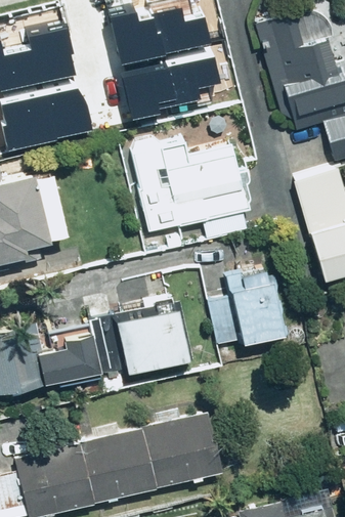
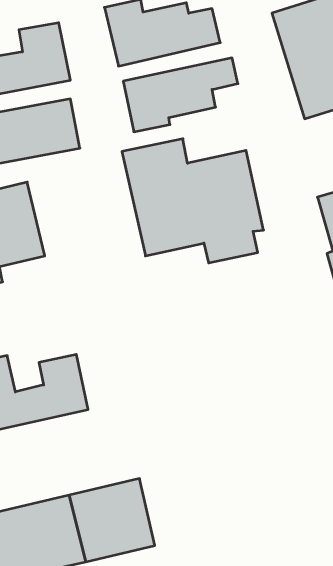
building: [205,269,281,348] -> none
building: [113,304,189,375] -> none
building: [145,414,223,487] -> none

